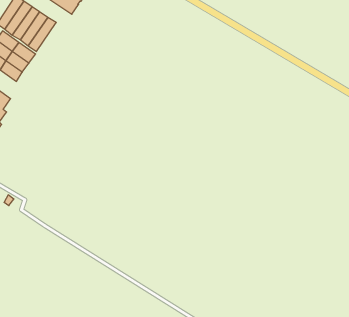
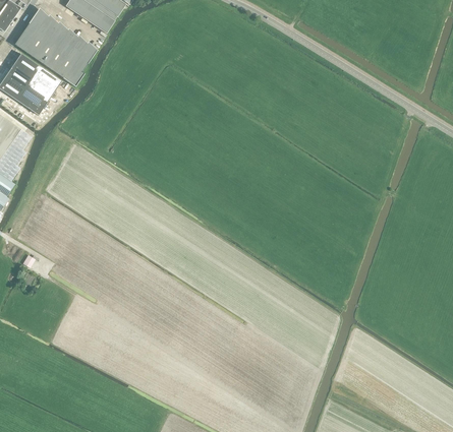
building: none -> [62,43,96,86]

